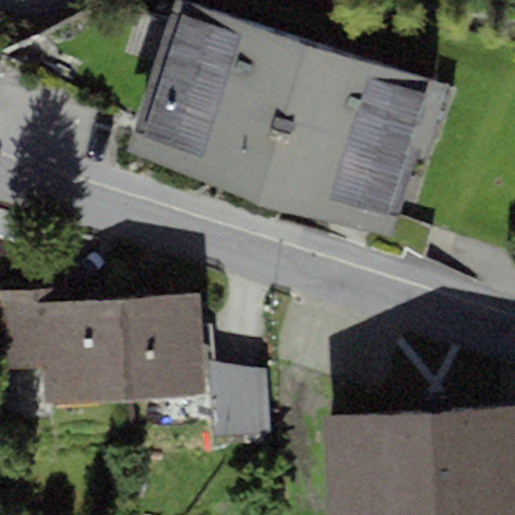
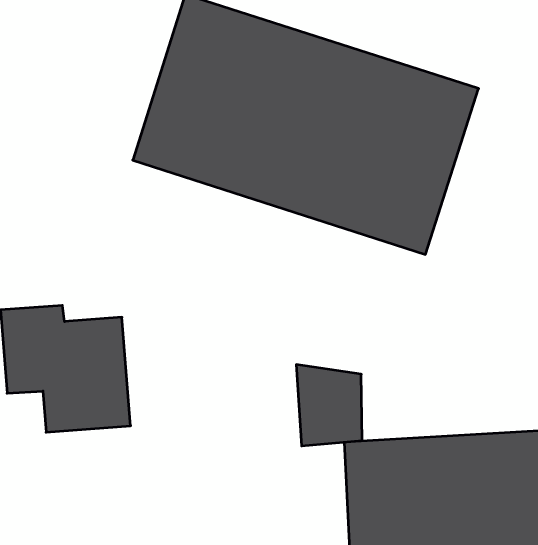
building: [117,295,205,400] -> none
building: [208,362,270,438] -> [296,365,362,446]

